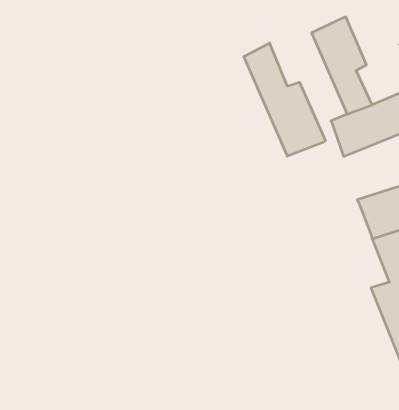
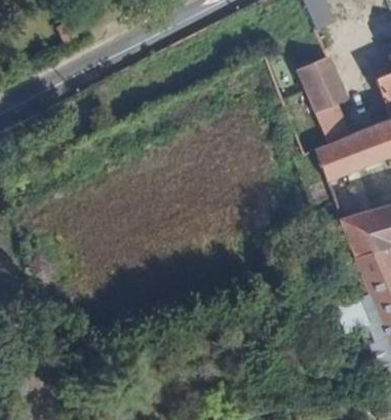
building: [244,43,325,156] -> none

